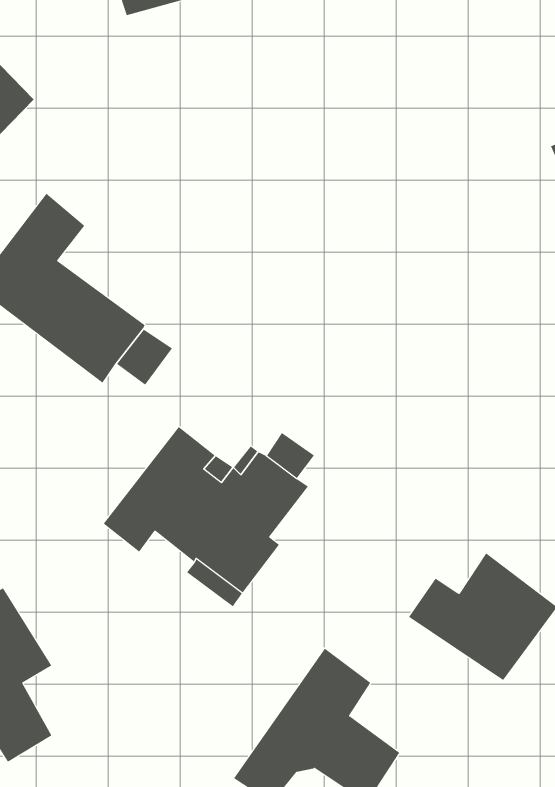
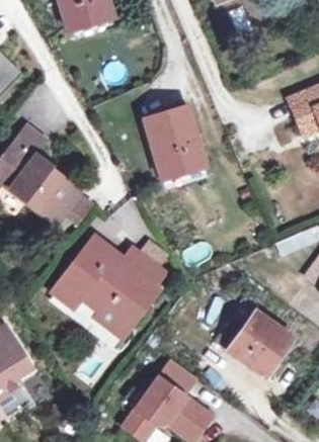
building: none -> [144,105,206,179]

